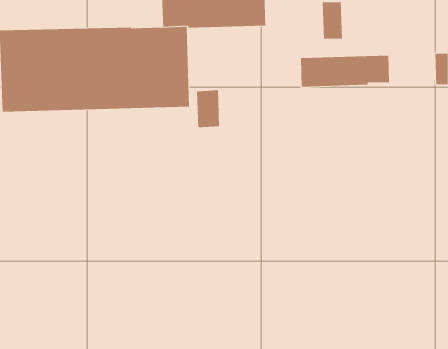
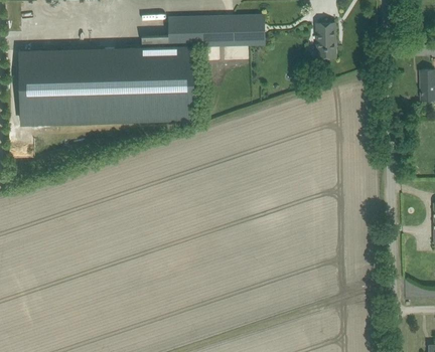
building: [300,55,390,87] -> none
building: [197,90,220,128] -> none

